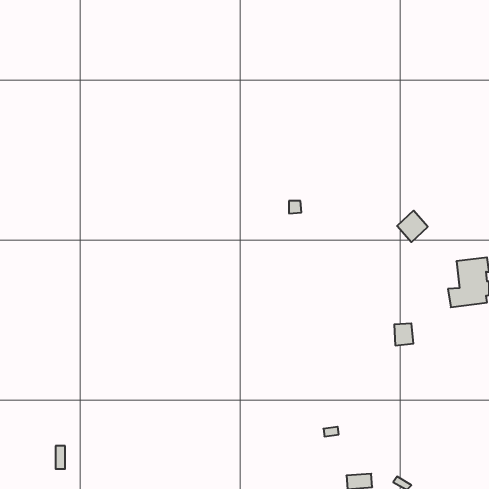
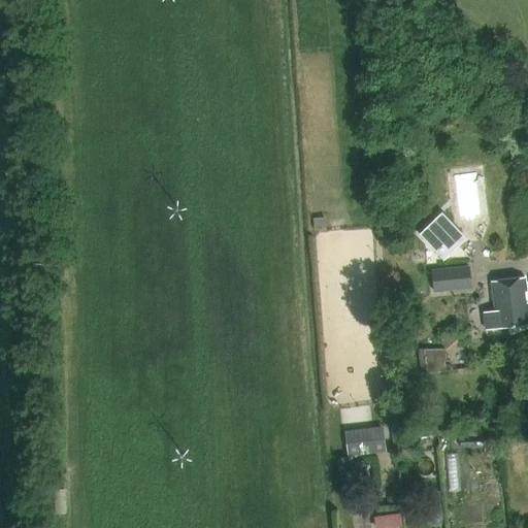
building: none -> [431,266,471,291]
building: none -> [344,425,384,454]

